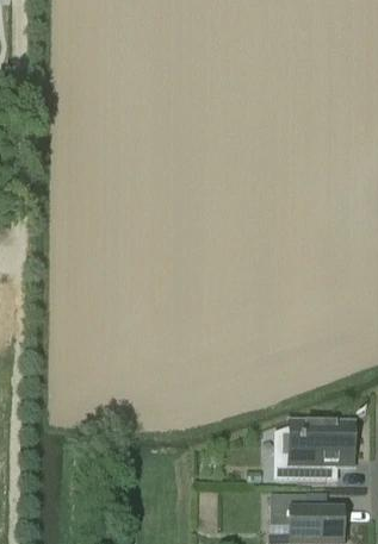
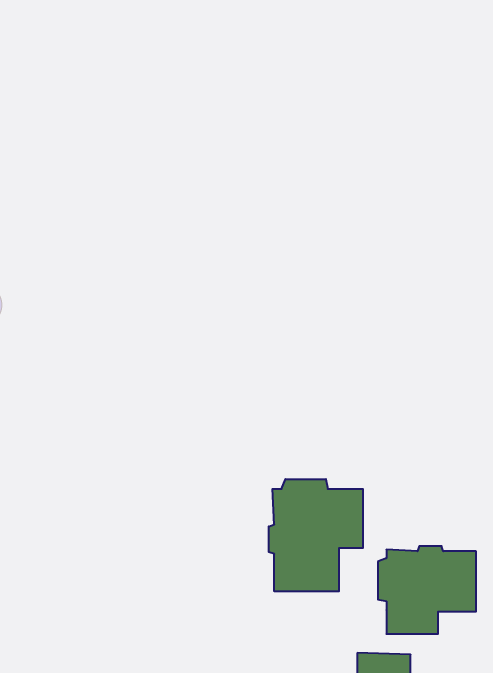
building: none -> [269,479,363,591]

